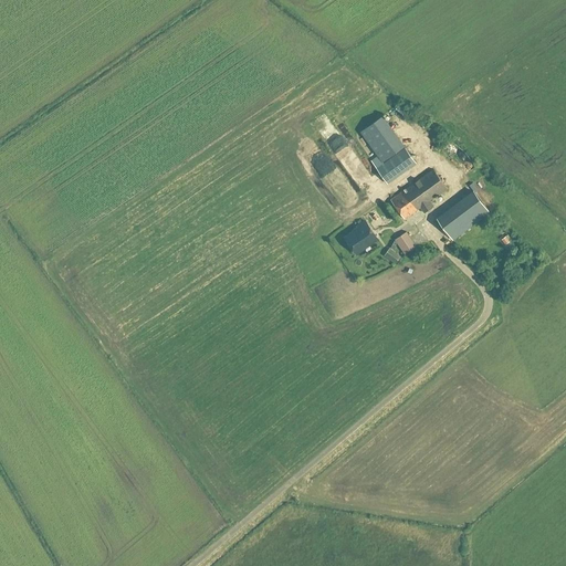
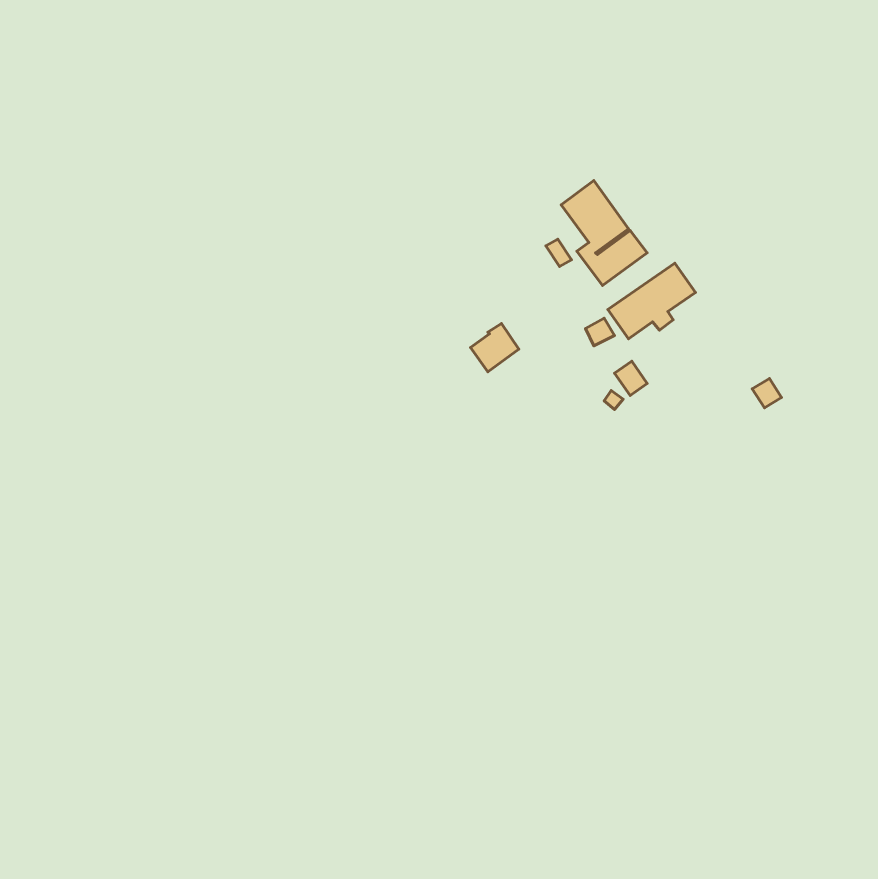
building: [437,192,489,240] -> none
building: [345,221,376,252] -> [471,324,519,372]

